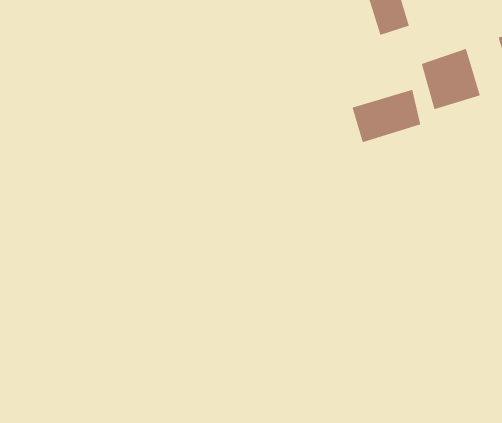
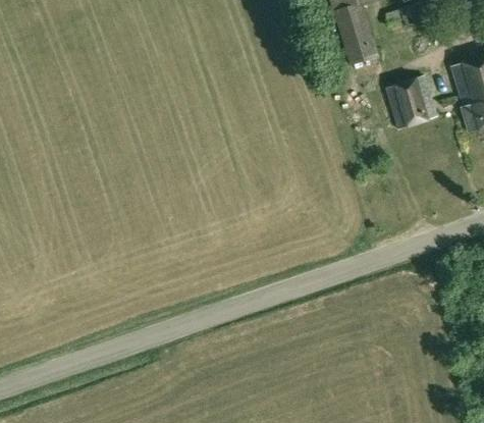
building: [352,89,421,143] -> none

